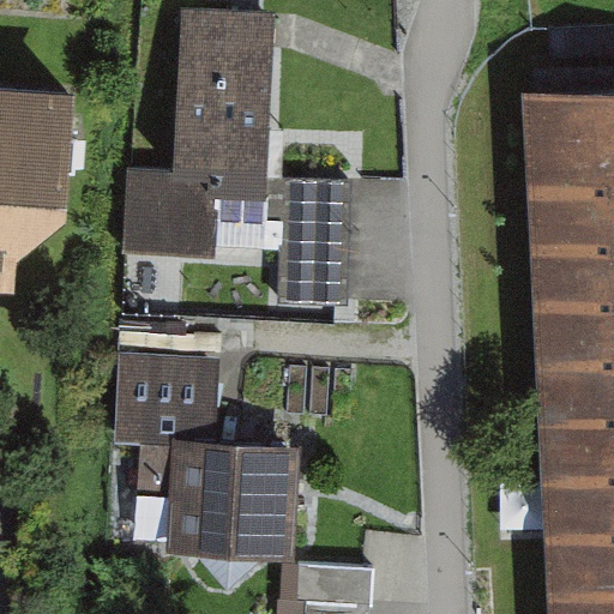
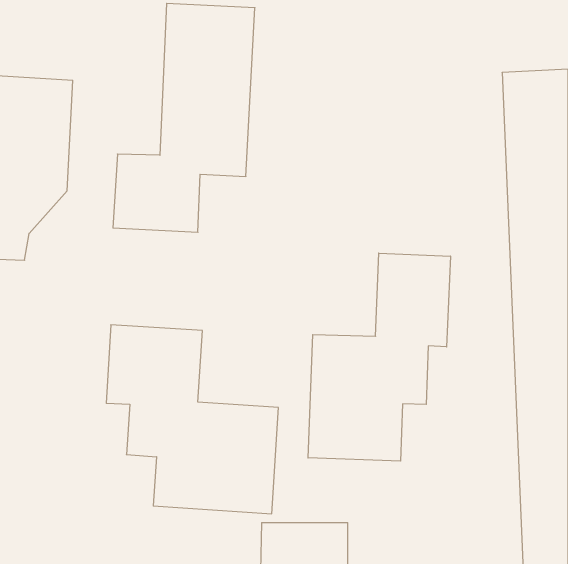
building: [276,179,351,309] -> none
building: none -> [308,253,450,461]

